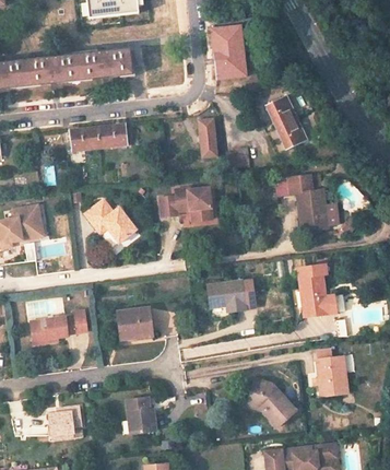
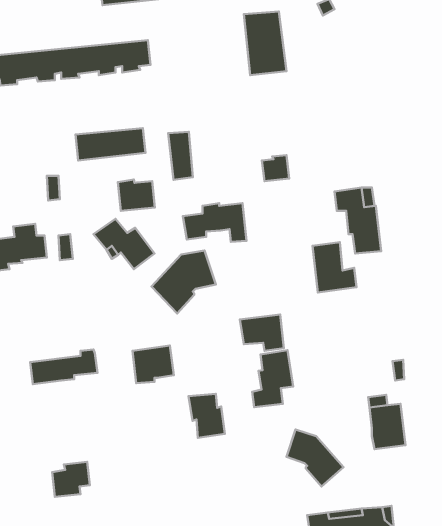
building: [267,95,307,149] -> none
building: [197,118,217,158] -> [168,132,193,180]
building: none -> [118,180,155,211]
building: none -> [151,251,216,314]
building: [299,273,336,316] -> [313,242,357,293]
building: none -> [252,350,293,407]
building: [126,397,156,434] -> [189,394,225,438]

